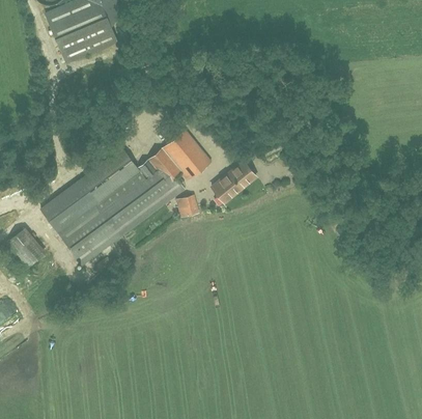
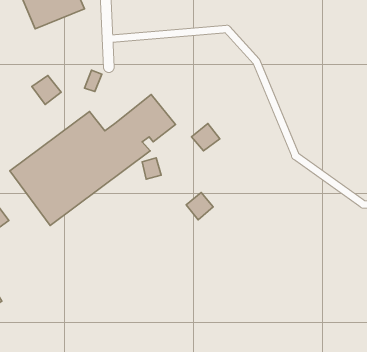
building: none -> [32,75,61,104]
building: [210,172,238,200] -> [186,193,213,220]

